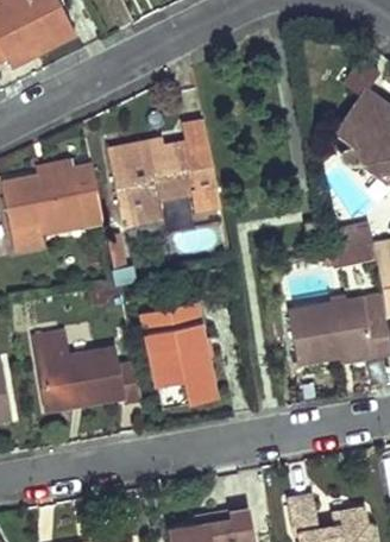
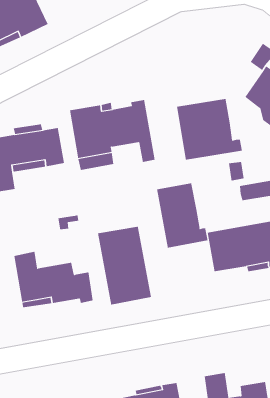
building: none -> [176,98,243,161]
building: none -> [156,182,208,249]

